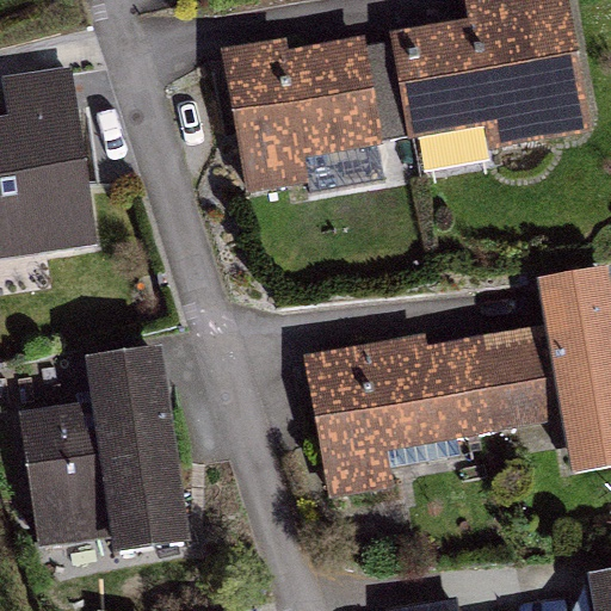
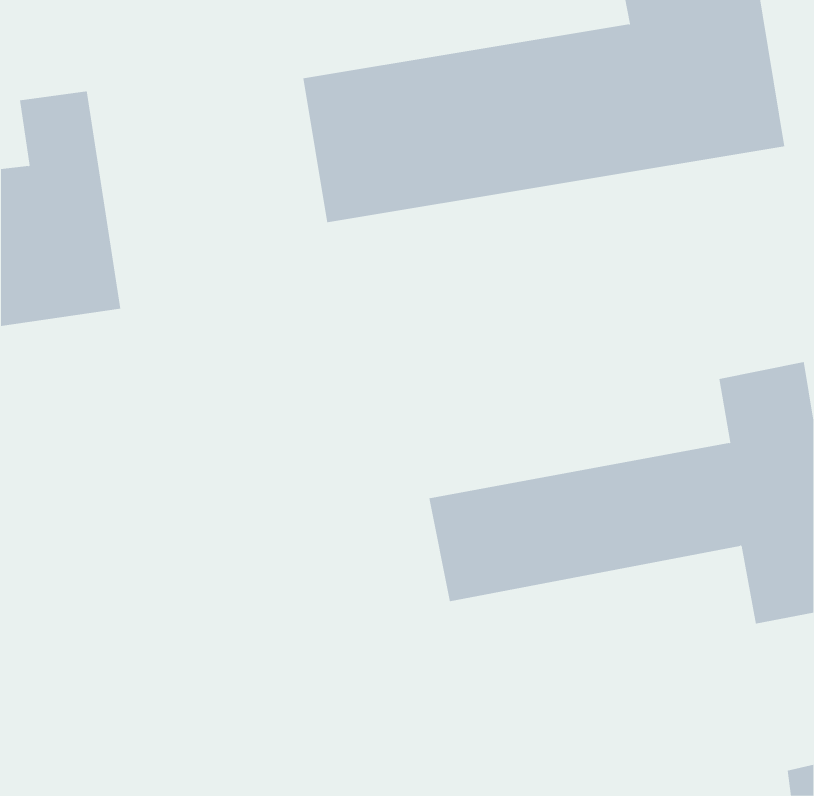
building: [35,352,181,536] -> none

